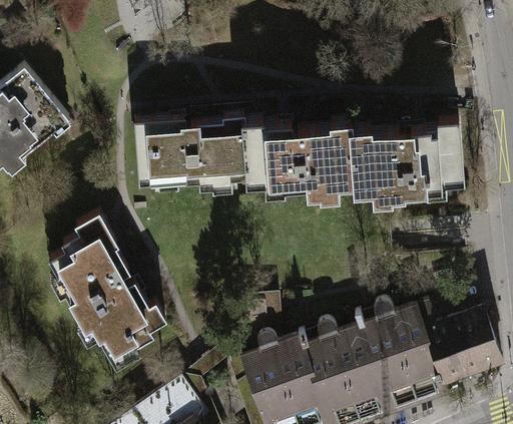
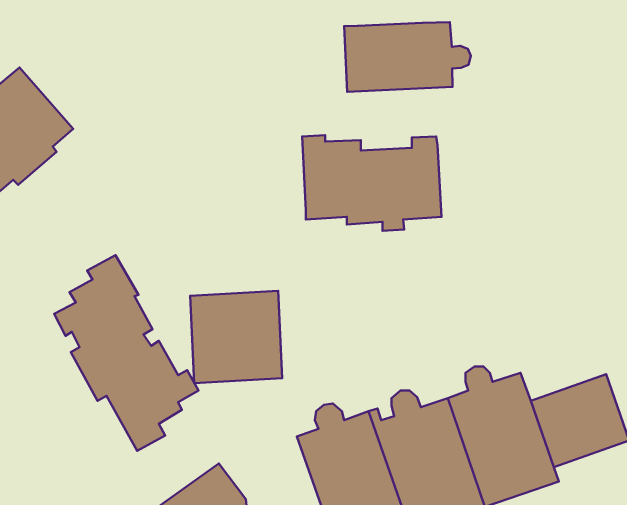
building: none -> [344,22,471,92]
building: [136,120,248,194] -> none
building: [352,124,464,200] -> none
building: none -> [190,291,282,383]

